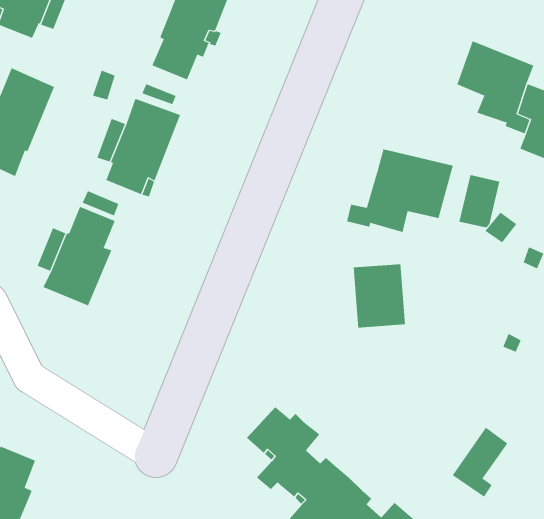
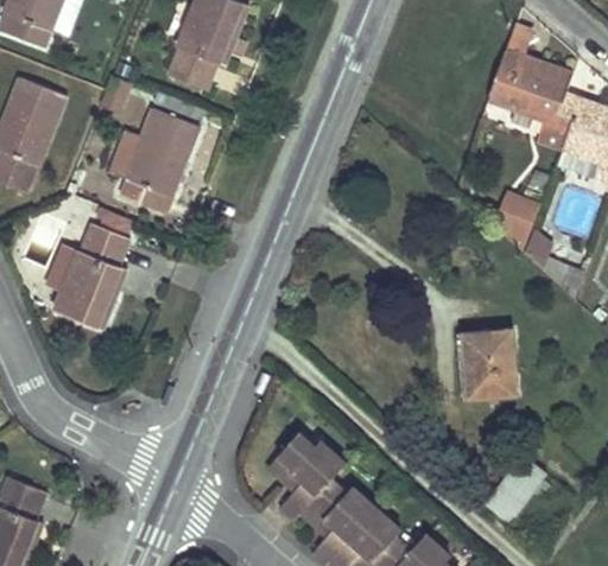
building: [346,149,453,233] -> none
building: [353,264,406,328] -> [460,329,515,396]

